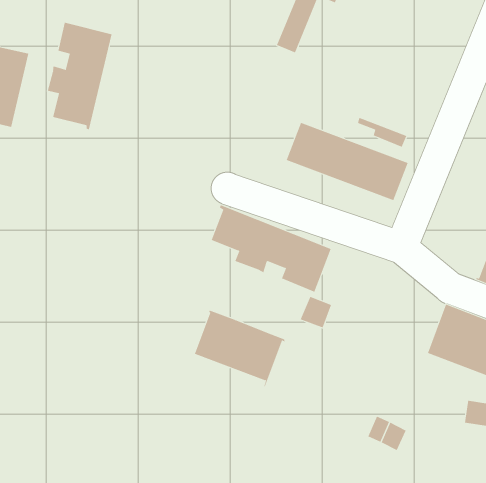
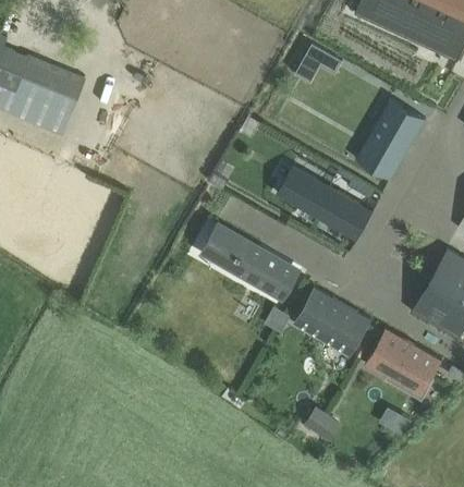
building: [47,22,112,130] -> none
building: none -> [354,100,425,181]
building: [192,310,285,388] -> [294,288,370,356]

